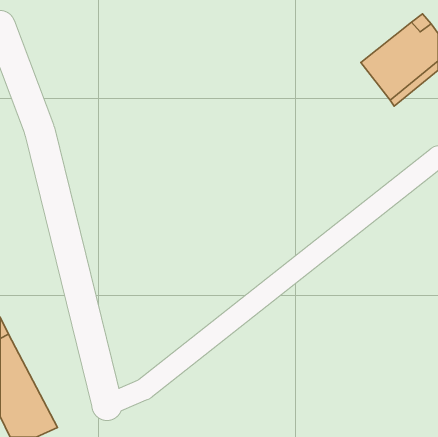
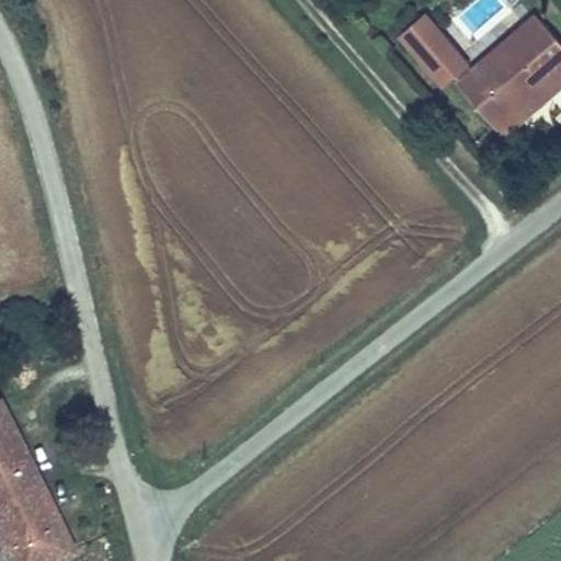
building: none -> [396,13,470,90]

